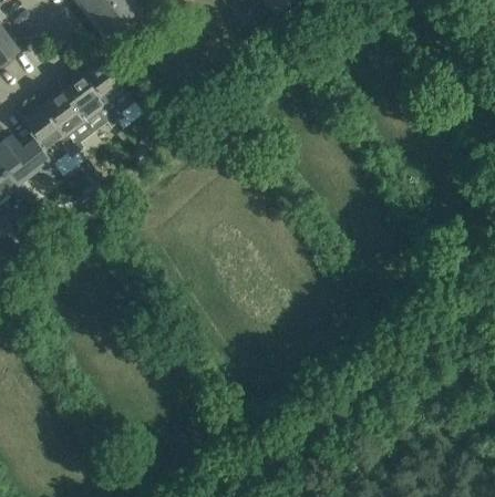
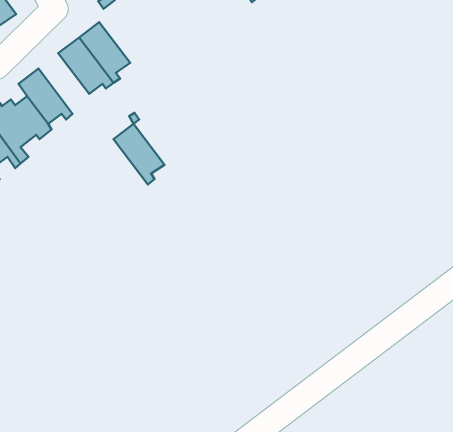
building: [39,86,90,147] -> [114,124,164,185]

